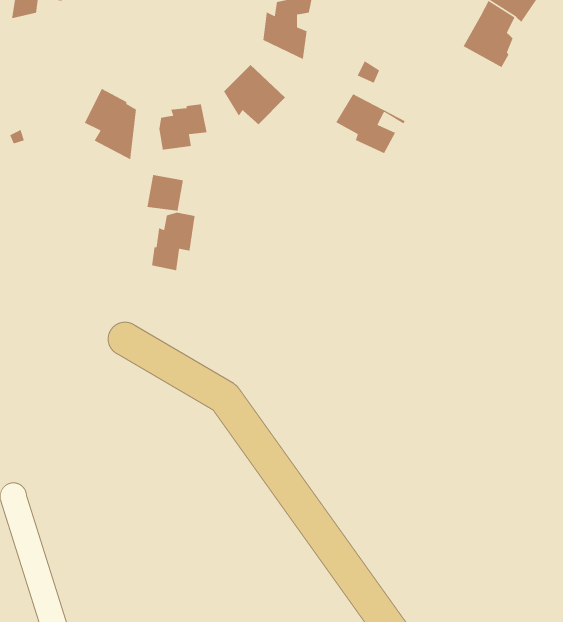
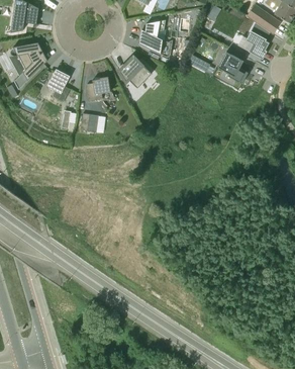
building: none -> [12,42,46,90]
building: [335,93,406,154] -> [216,53,253,84]
building: [151,212,196,271] -> none

